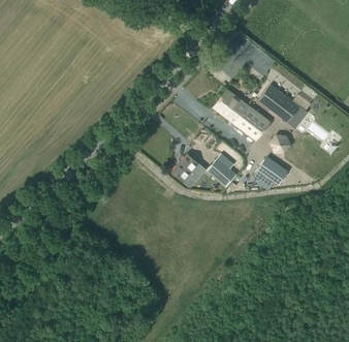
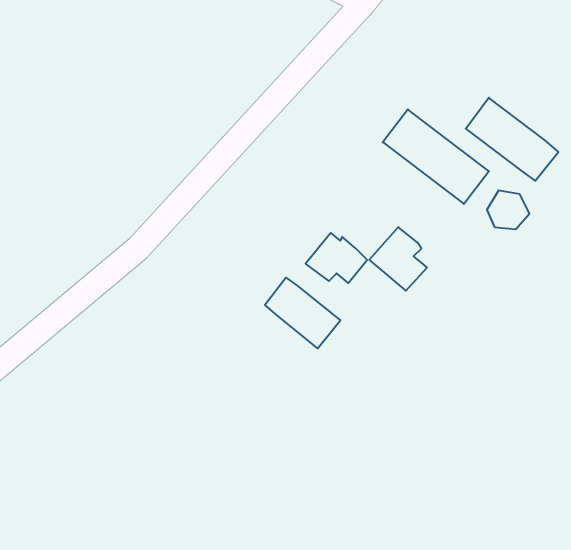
building: [253,157,287,186] -> none
building: none -> [265,278,340,348]

